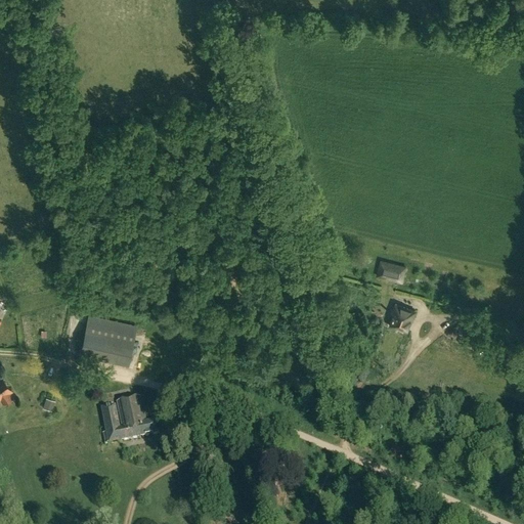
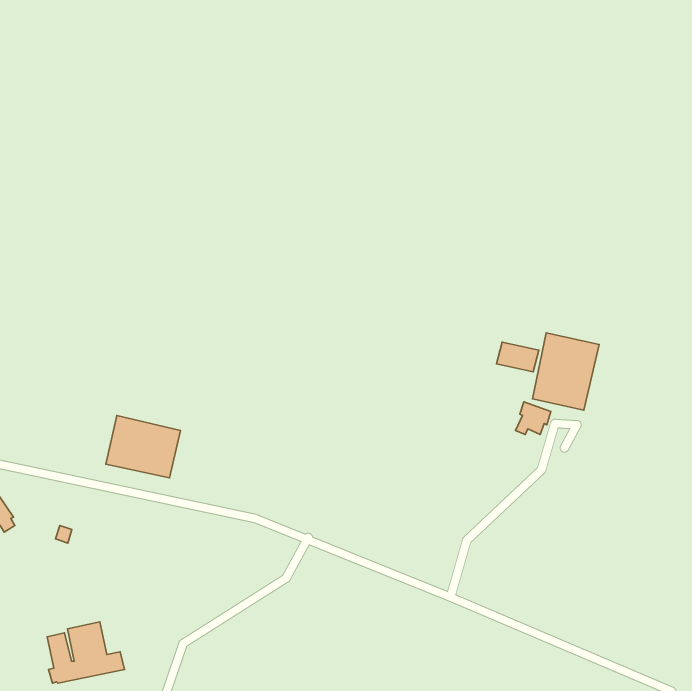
building: none -> [532,333,599,410]
building: [101,396,160,442] -> [47,622,124,683]

